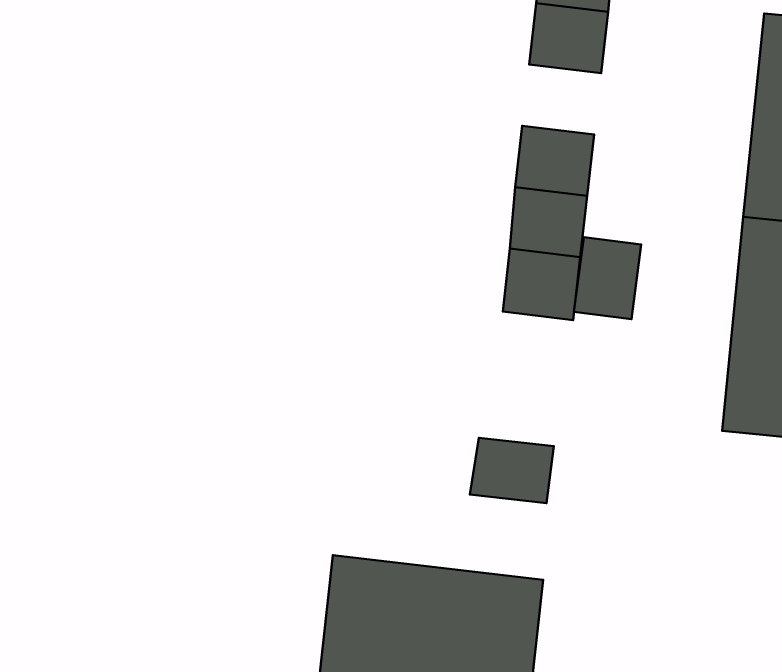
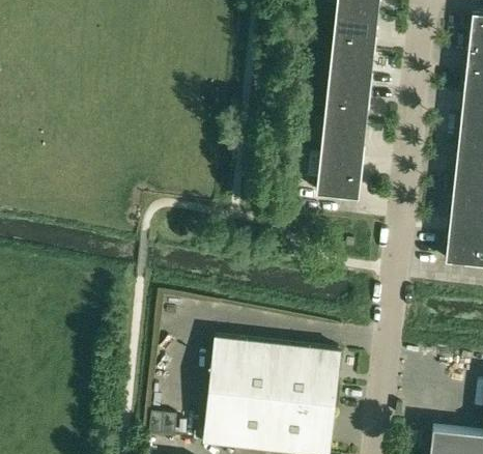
building: none -> [328,47,374,88]
building: [574,237,641,319] -> none
building: [470,438,554,503] -> none

